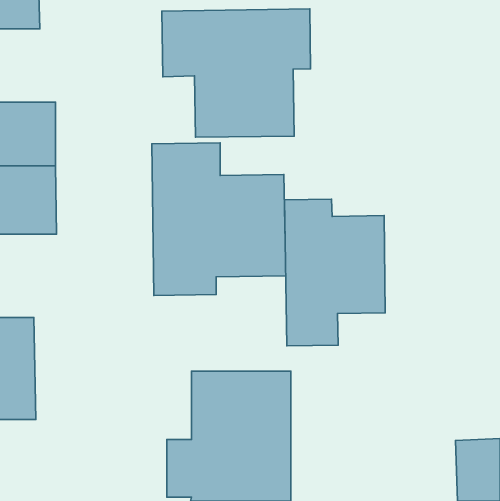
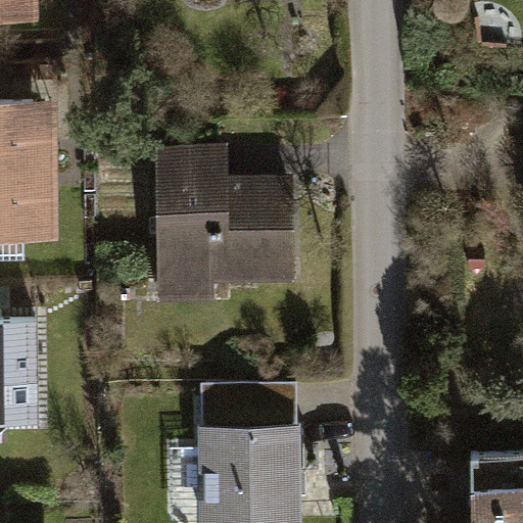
building: [162,9,310,137] -> none
building: [285,199,385,346] -> none

